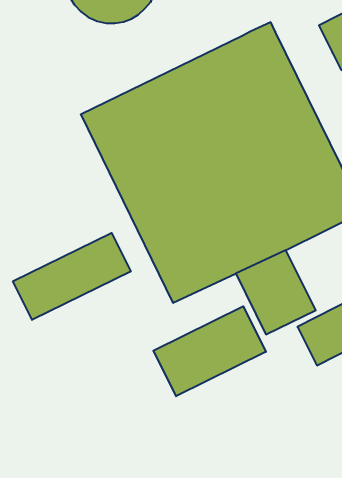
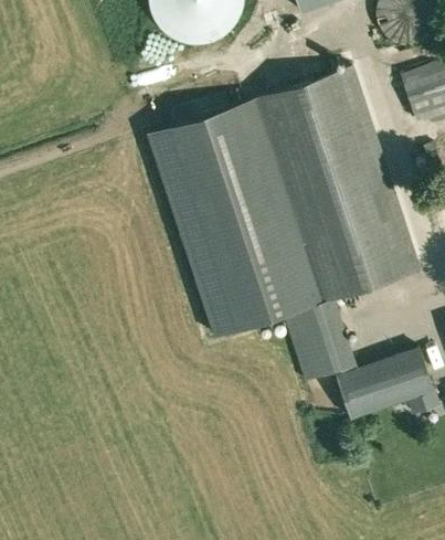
building: [13,233,131,320] -> none
building: [153,306,266,396] -> none

